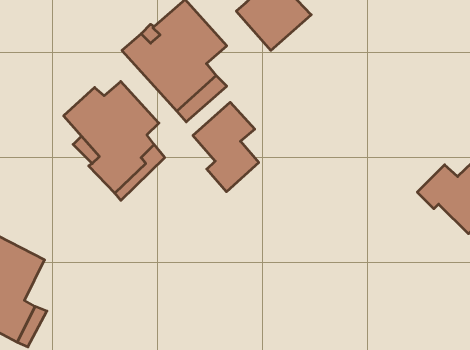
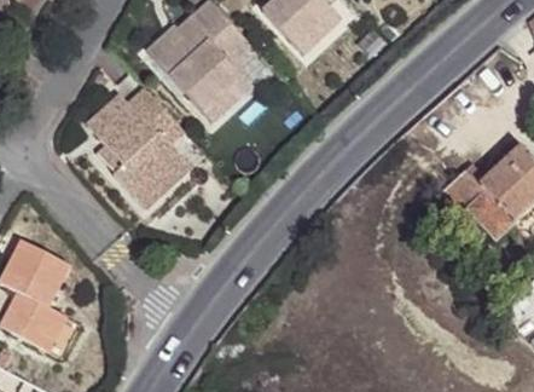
building: [193,102,259,192] -> none

